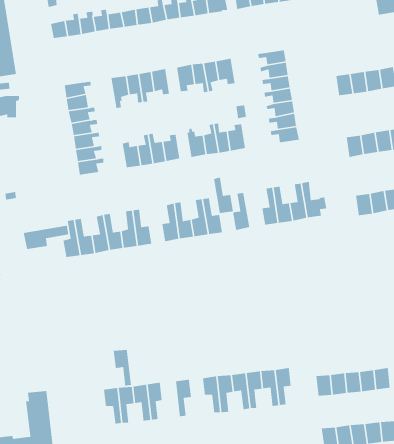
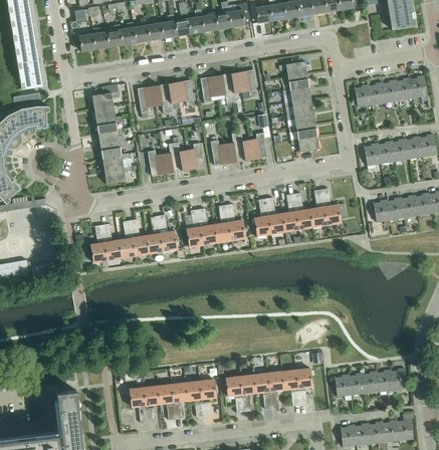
building: [213,176,234,214] -> [265,197,285,233]
building: [23,225,69,250] -> none
building: [113,349,132,387] -> [185,381,203,417]

